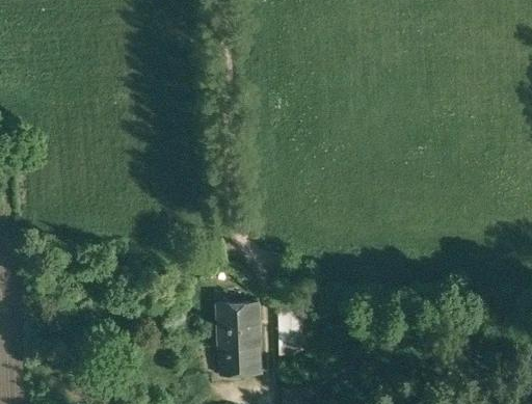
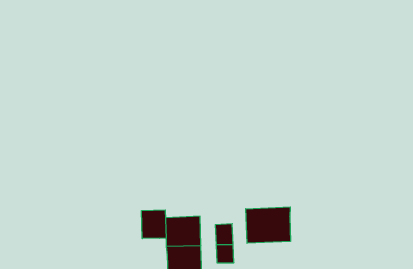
building: none -> [246,207,290,243]
building: none -> [142,210,166,239]

